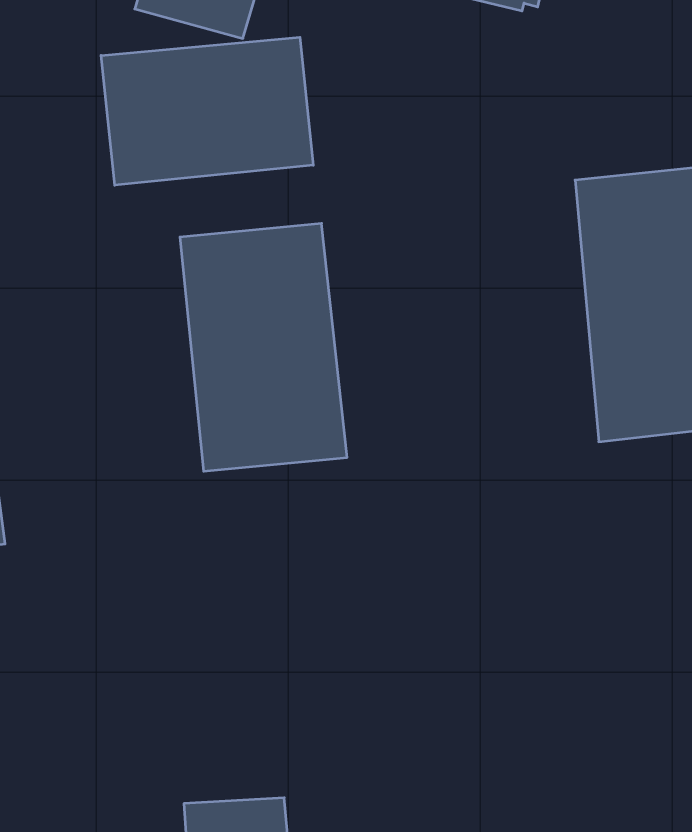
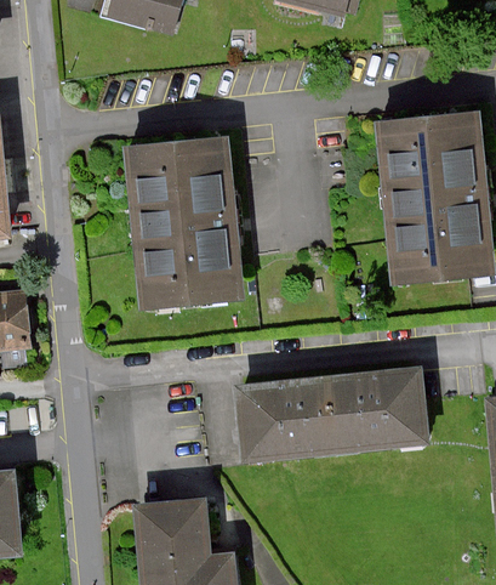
building: [101,37,313,185] -> none
building: none -> [235,369,423,462]

